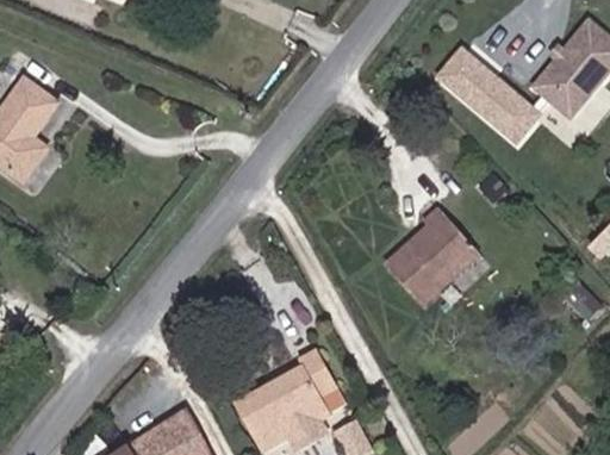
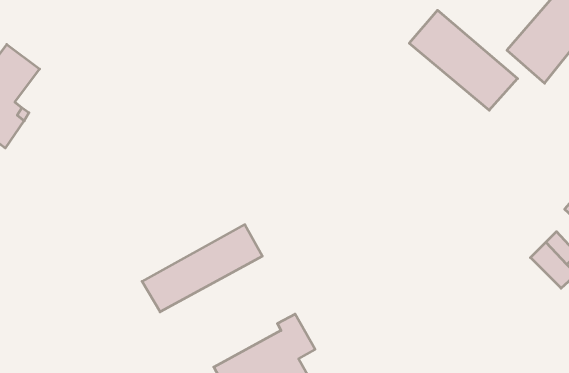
building: [388,208,480,305] -> none
building: none -> [142,225,262,312]

